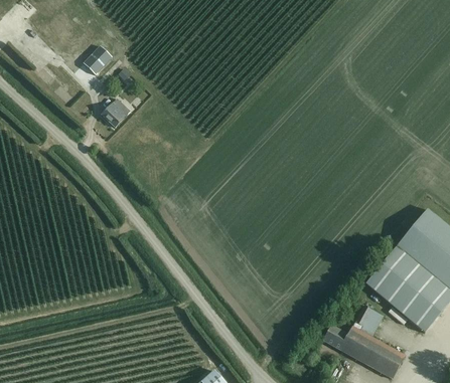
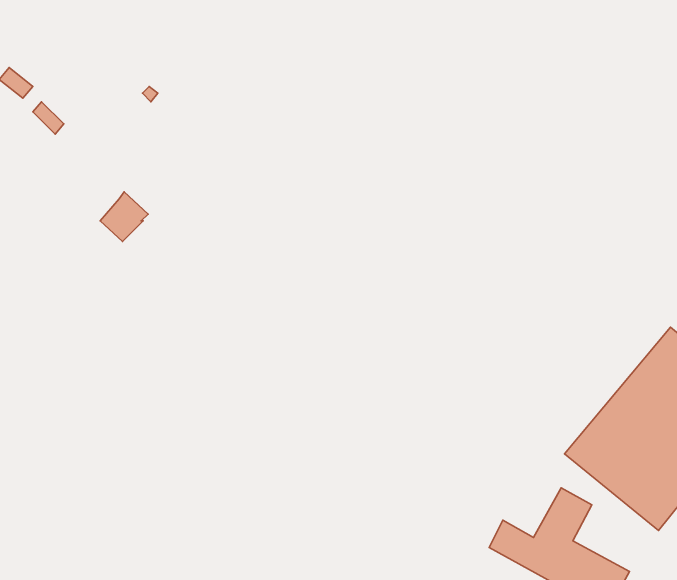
building: [84,45,112,74] -> none
building: [102,98,130,127] -> [100,192,148,241]

